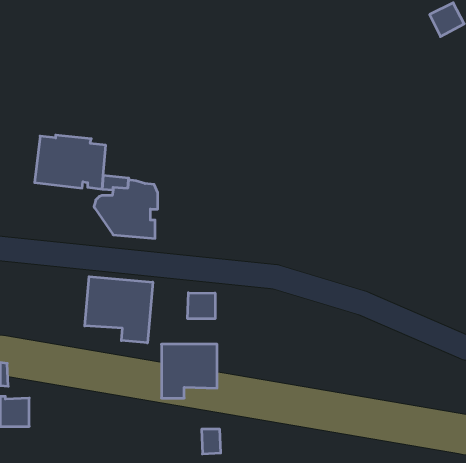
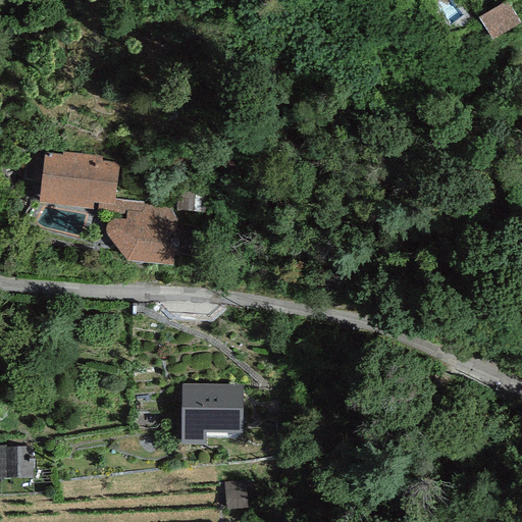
building: [85,277,153,343] -> none
building: [188,293,215,319] -> none

